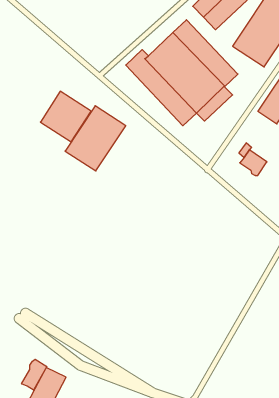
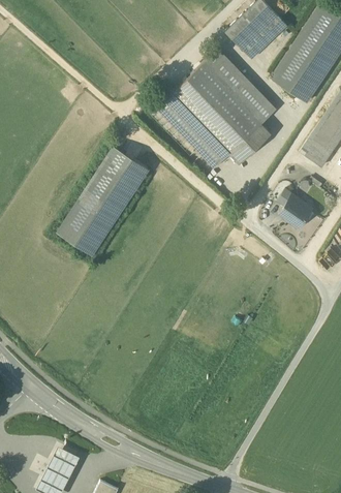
building: [40,91,91,142] -> [57,198,115,256]
building: [22,359,47,390] -> none

